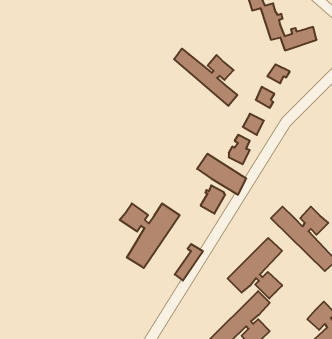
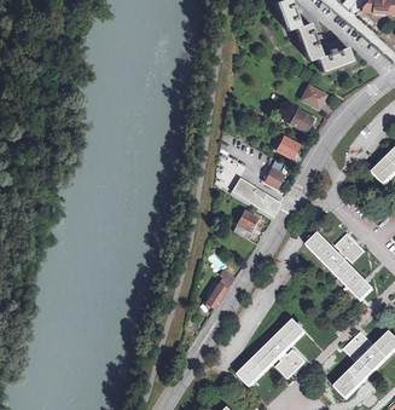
building: [174,49,237,106] -> none
building: [120,203,180,268] -> none
building: [228,238,282,299] -> none

